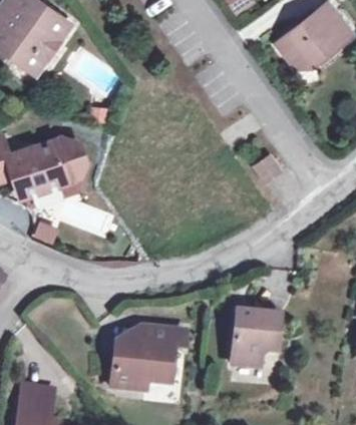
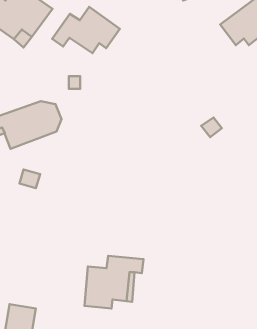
building: none -> [52,7,120,53]
building: [231,308,279,365] -> none

